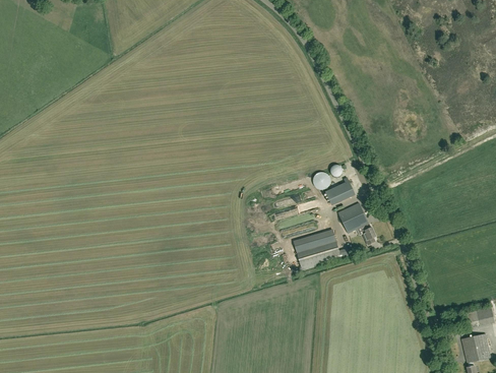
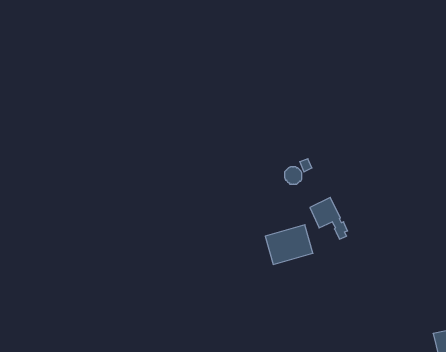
building: [322,176,353,204] -> none

